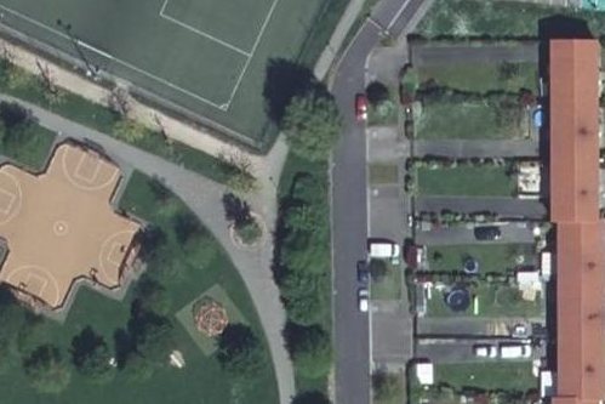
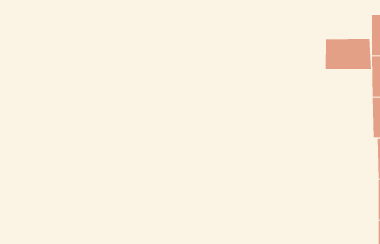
building: none -> [325,38,371,70]

